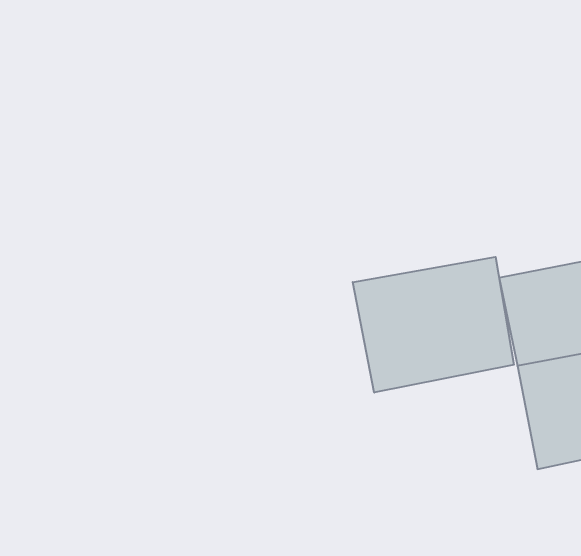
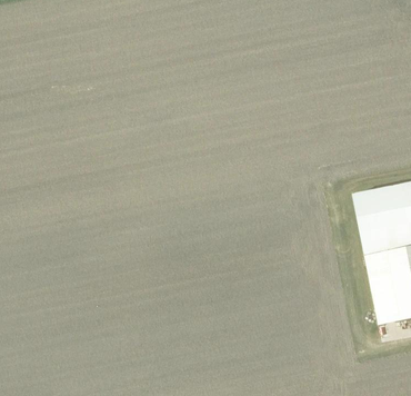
building: [353,257,514,393] -> none

